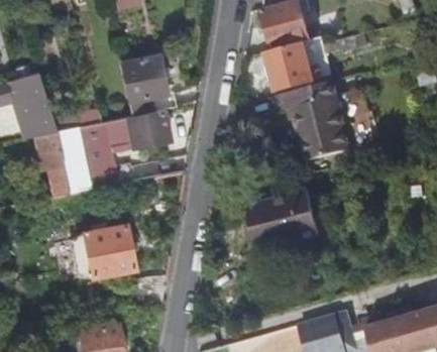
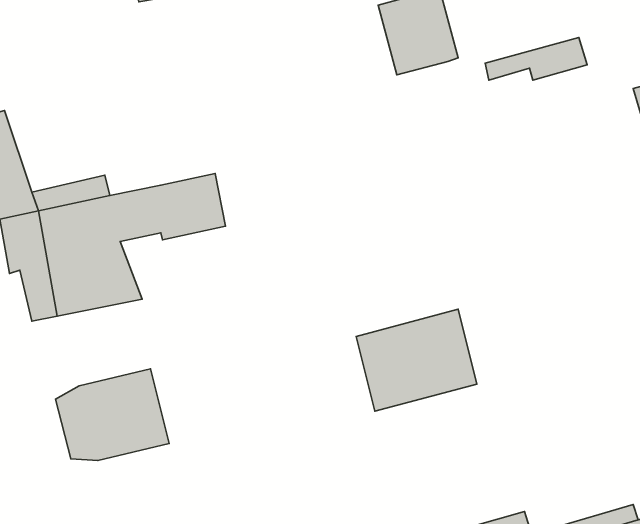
building: [265,43,312,91] -> none
building: [120,55,175,117] -> none
building: [277,82,347,163] -> none

